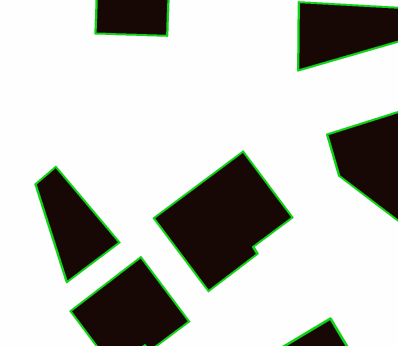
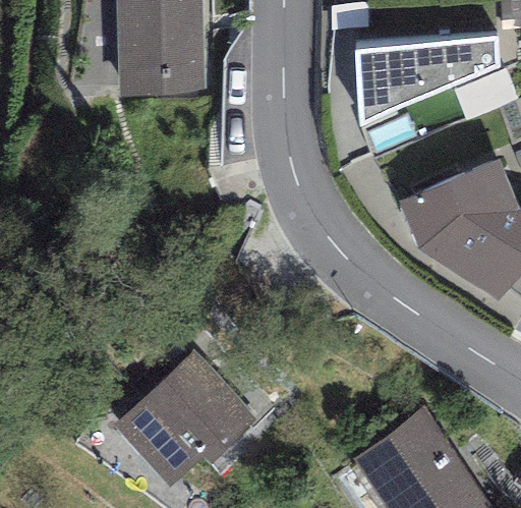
building: [154,152,292,291] -> none
building: [36,167,120,282] -> none

